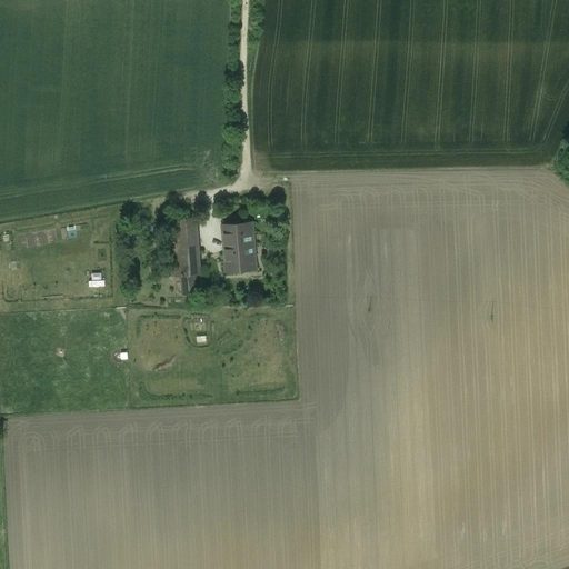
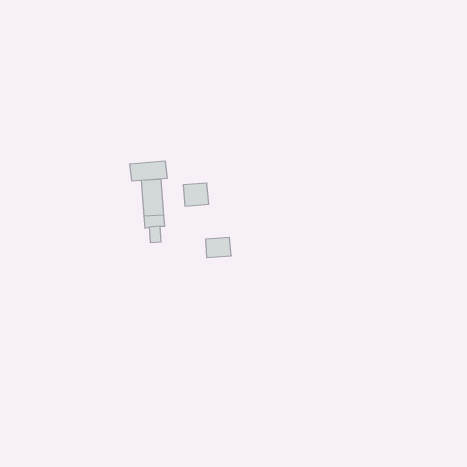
building: none -> [130,161,167,181]
building: [224,249,256,273] -> [206,237,231,258]

